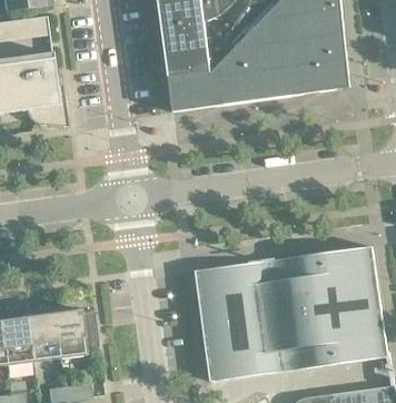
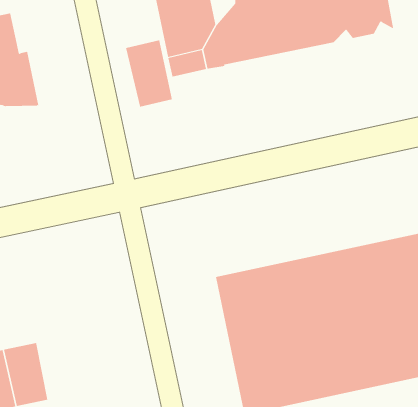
building: none -> [125,39,173,107]
building: [51,308,85,357] -> none

